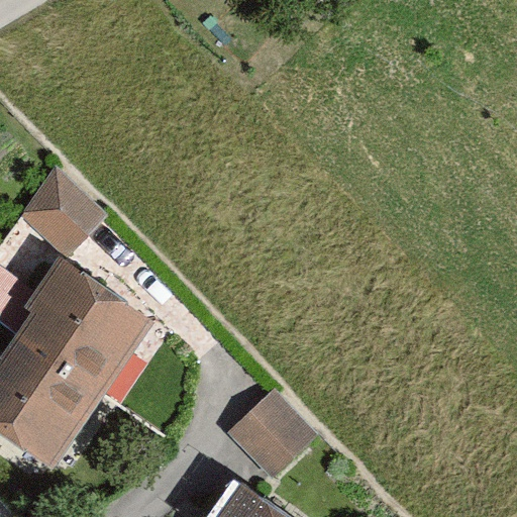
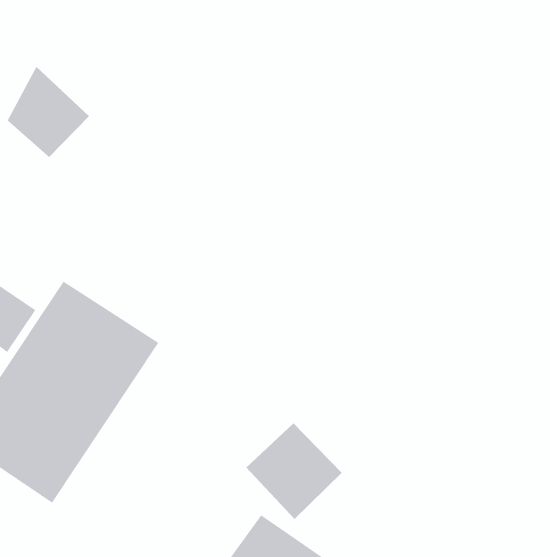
building: [24,168,101,252] -> [7,66,90,158]

